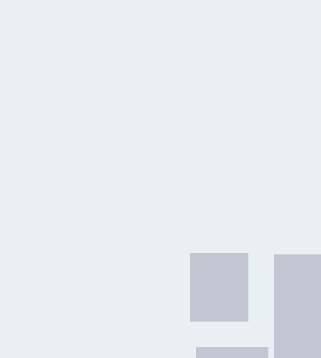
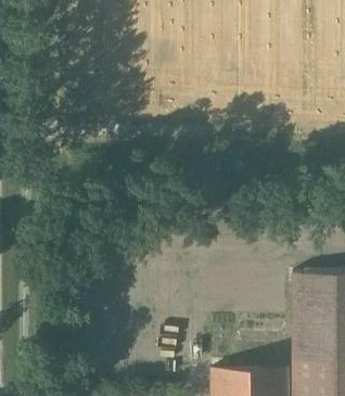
building: [190,252,249,323] -> none

